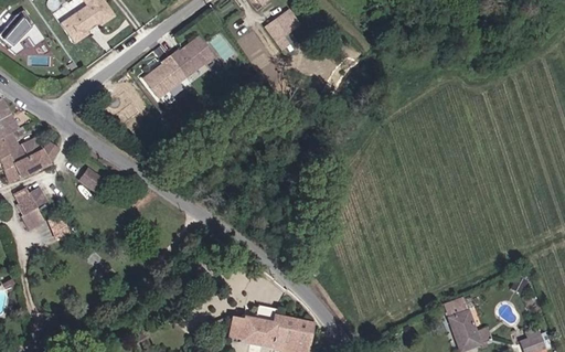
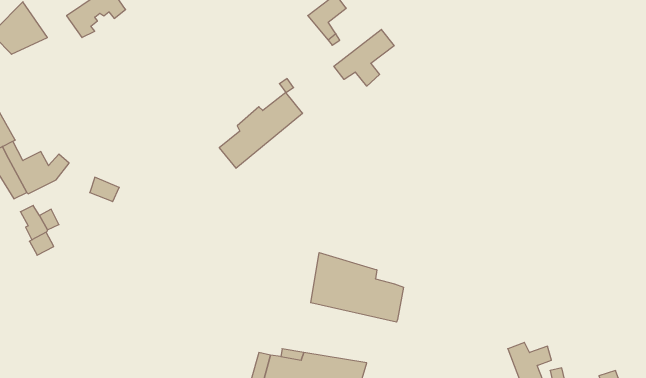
building: none -> [334,29,394,86]
building: [143,41,215,106] -> [219,93,303,168]
building: none -> [311,253,404,322]

